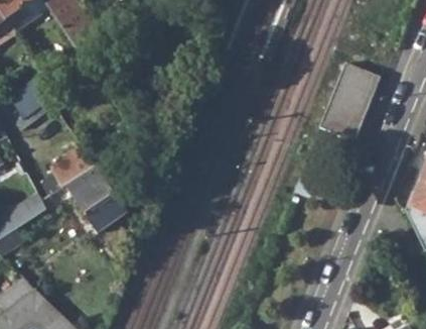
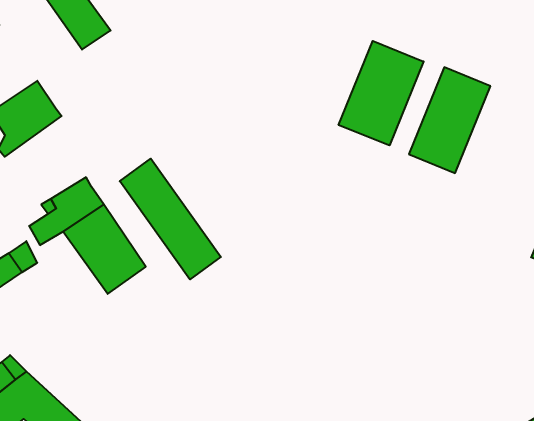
building: none -> [339,41,424,145]
building: none -> [120,159,221,279]

